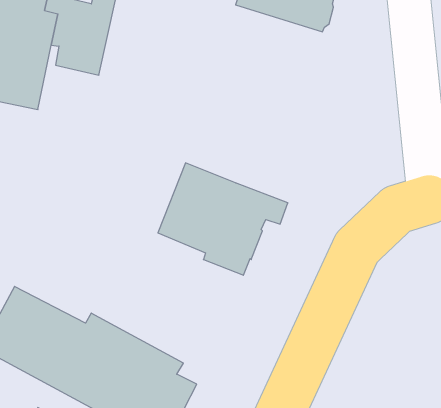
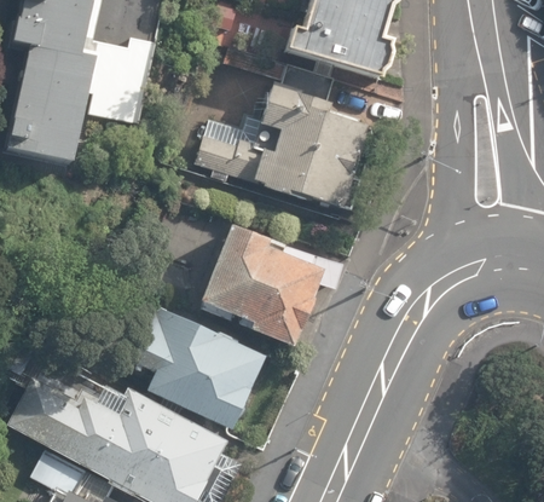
building: none -> [195,65,370,220]
building: none -> [132,306,267,429]

